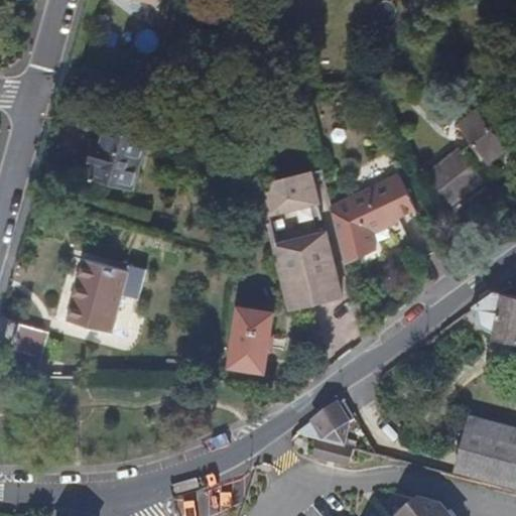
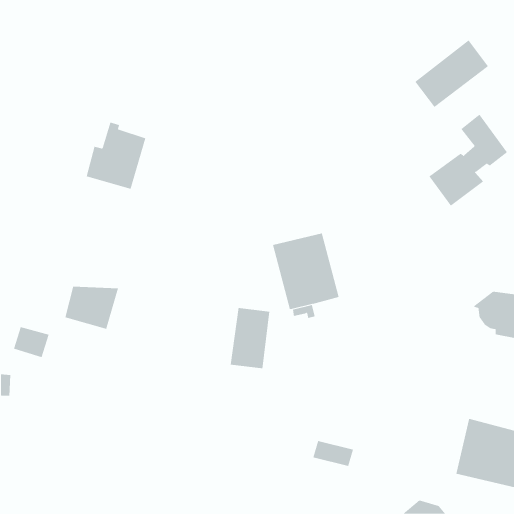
building: none -> [415,40,489,108]
building: [257,173,315,217] -> none
building: [330,174,410,260] -> none
building: [74,257,125,288] -> none
building: [314,400,358,440] -> none

